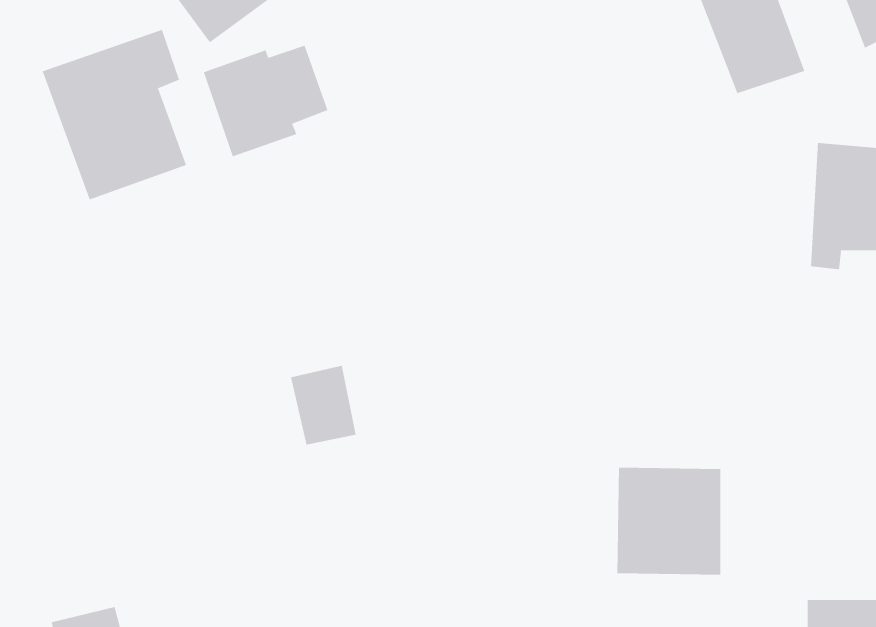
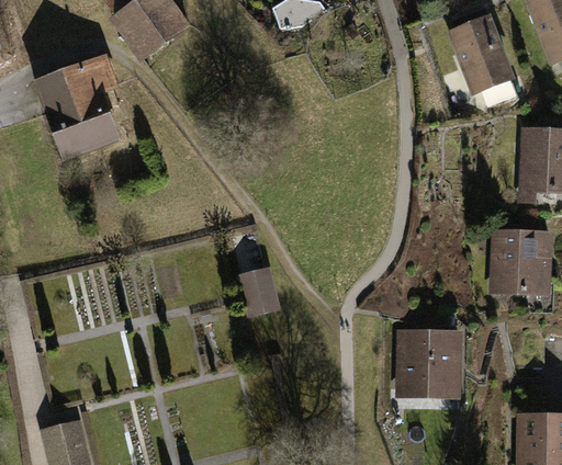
building: [203,45,328,157] -> none
building: none -> [490,228,552,295]
building: [290,365,357,445] -> [240,265,282,316]

